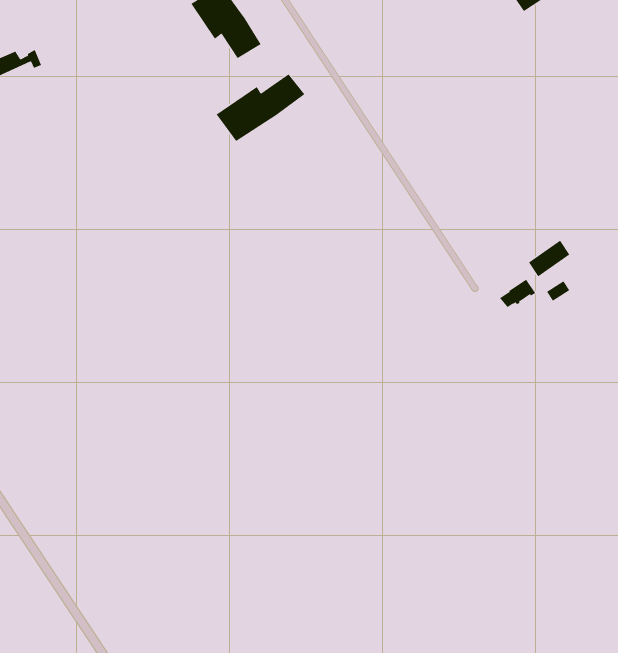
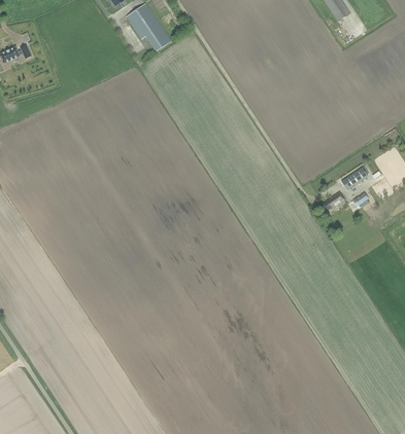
building: [216,73,305,142] -> none

